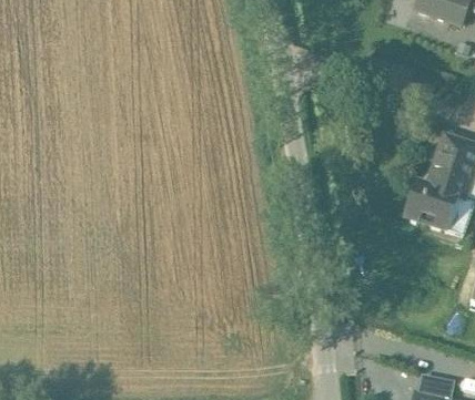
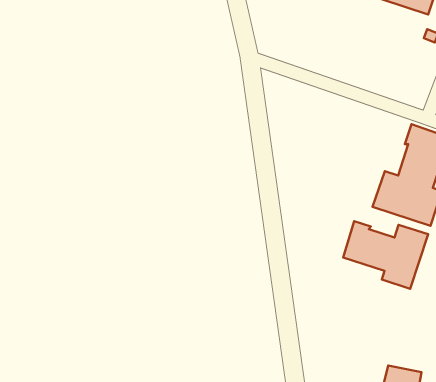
building: none -> [343,221,428,289]

